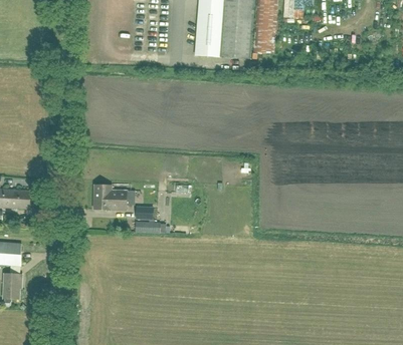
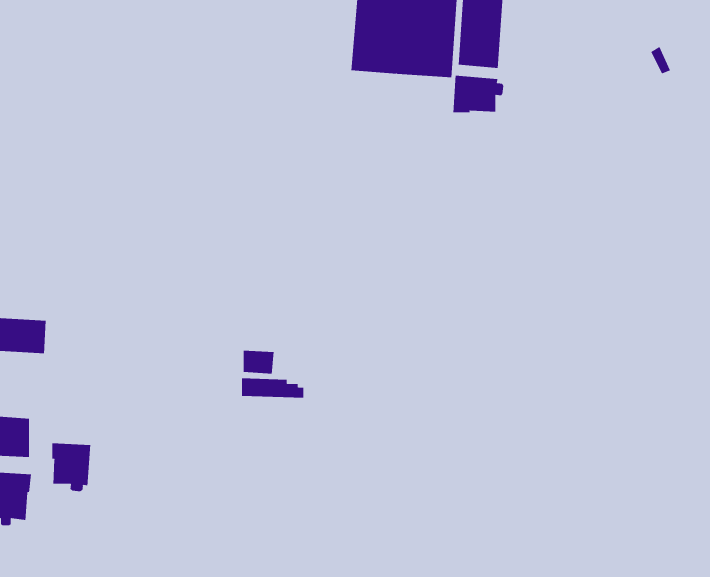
building: none -> [453,75,504,113]
building: [93,184,135,209] -> none
building: none -> [52,442,91,492]

